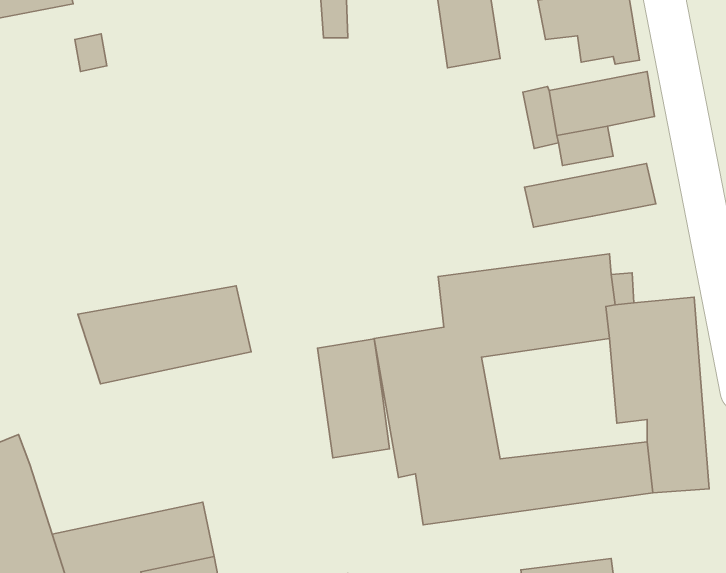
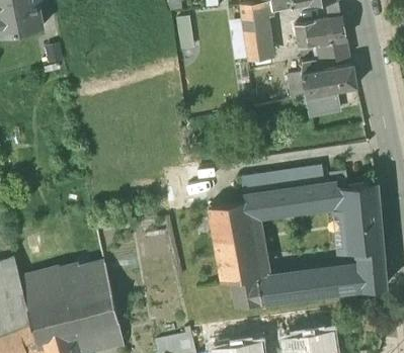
building: [524,164,656,227] -> none
building: [78,286,251,384] -> [20,261,113,314]
building: [317,339,390,458] -> none

